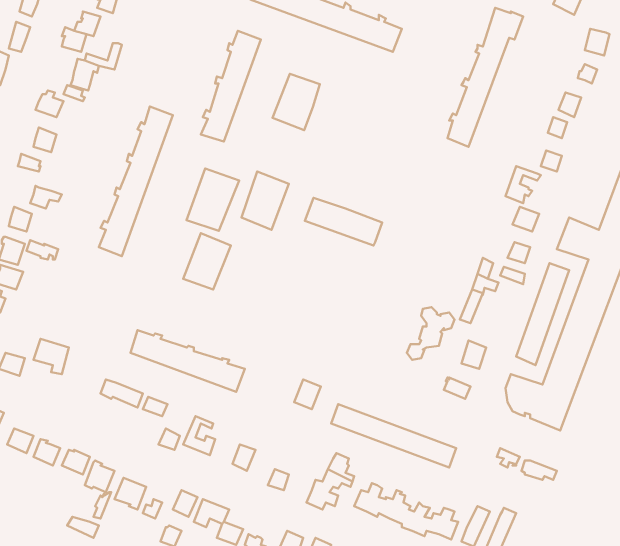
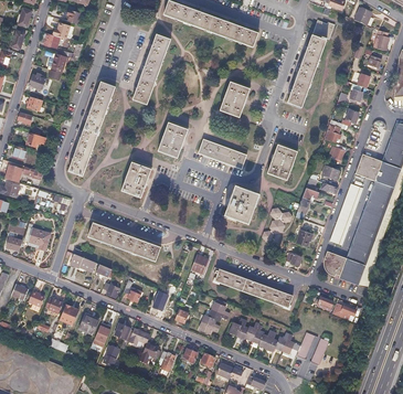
building: [272,74,320,130] -> [219,82,248,117]
building: [187,168,239,231] -> none
building: none -> [266,145,296,180]
building: none -> [224,185,258,223]

